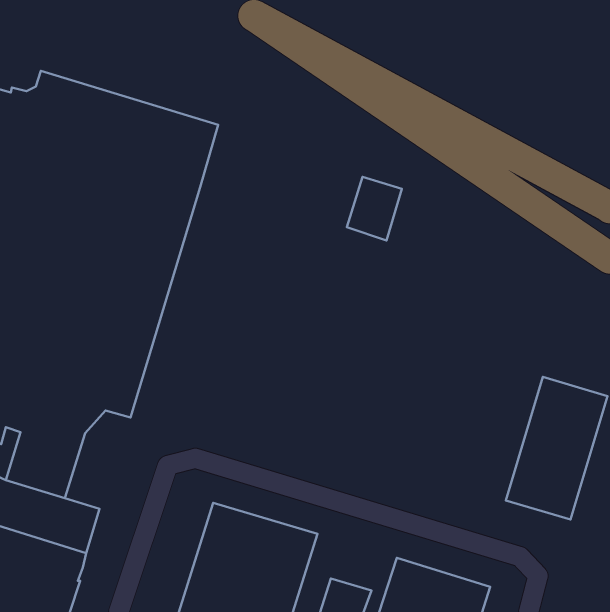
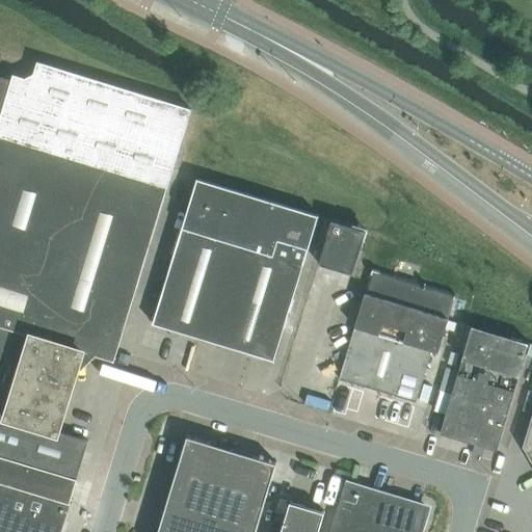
building: [347,177,402,240] -> [317,220,365,275]
building: none -> [152,180,317,362]
building: none -> [334,270,453,416]

